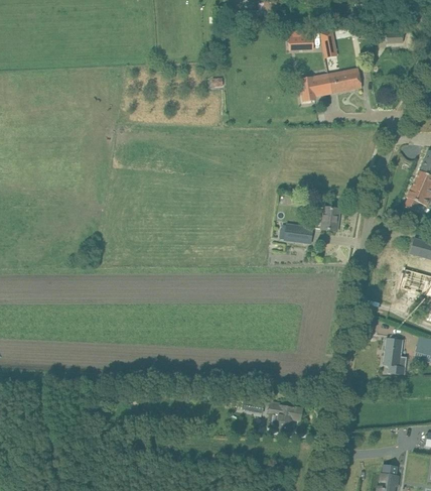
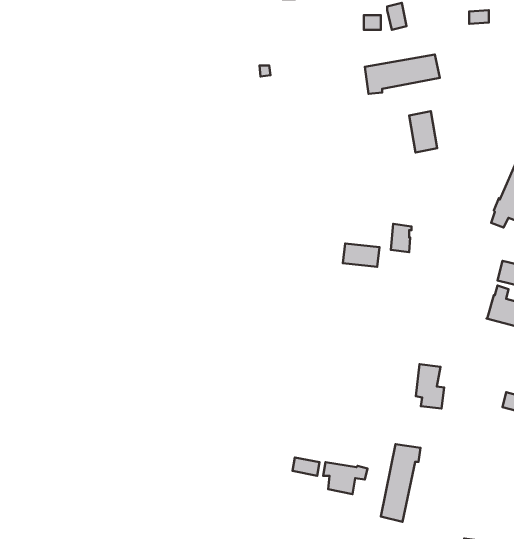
building: none -> [409,111,437,152]
building: [383,338,406,374] -> [416,364,444,408]
building: none -> [381,444,420,522]

